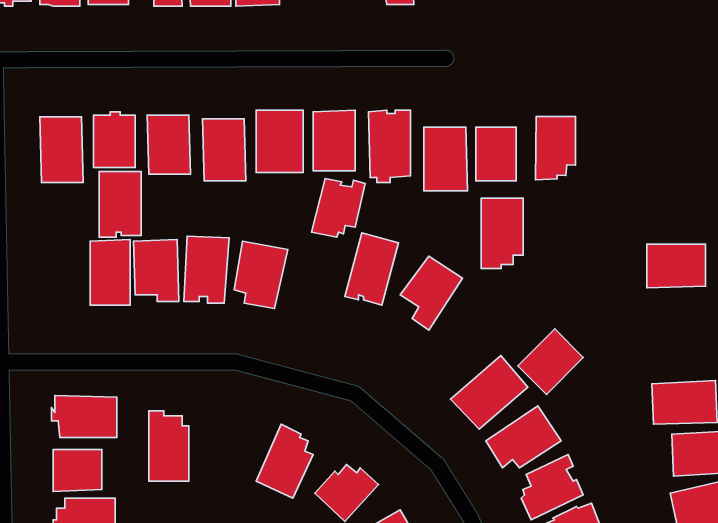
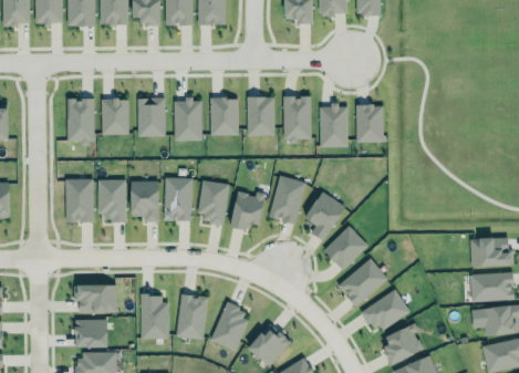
building: [536,117,576,180] -> none
building: [99,172,141,237] -> [65,178,93,221]
building: [312,179,365,237] -> [229,190,264,229]
building: [481,198,523,268] -> none
building: [647,244,706,288] -> [470,239,509,268]
building: [518,329,583,394] -> [324,226,367,269]
building: none -> [176,293,208,339]

